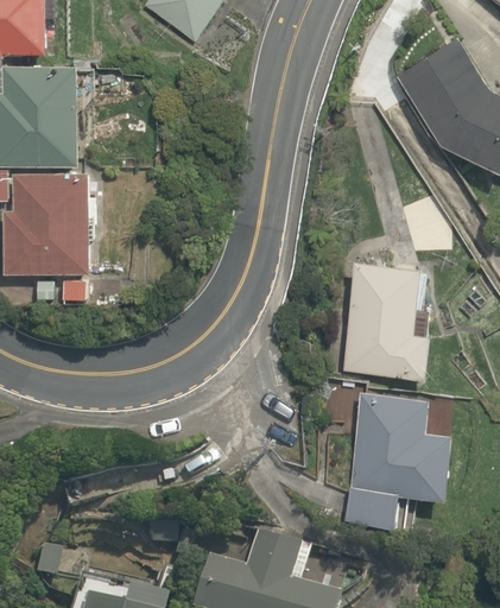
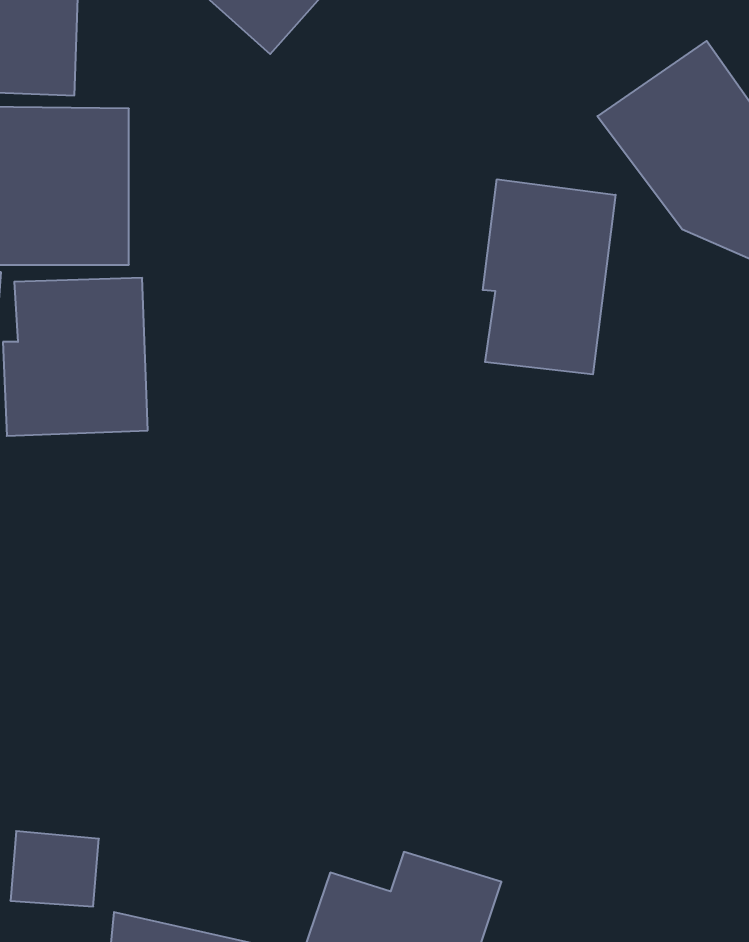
building: none -> [483,179,616,374]
building: [337,256,432,380] -> none
building: [350,392,466,534] -> none

